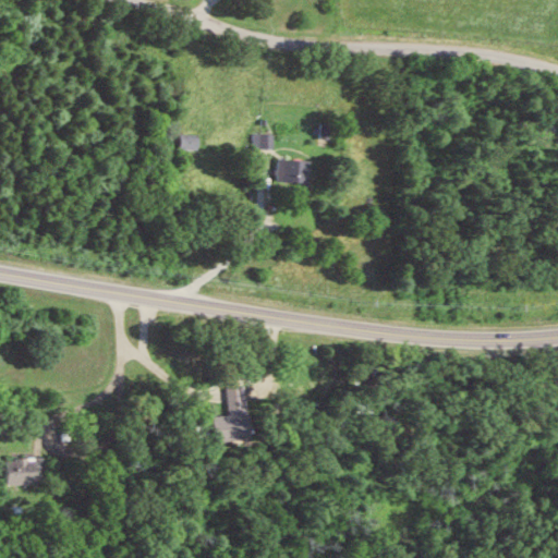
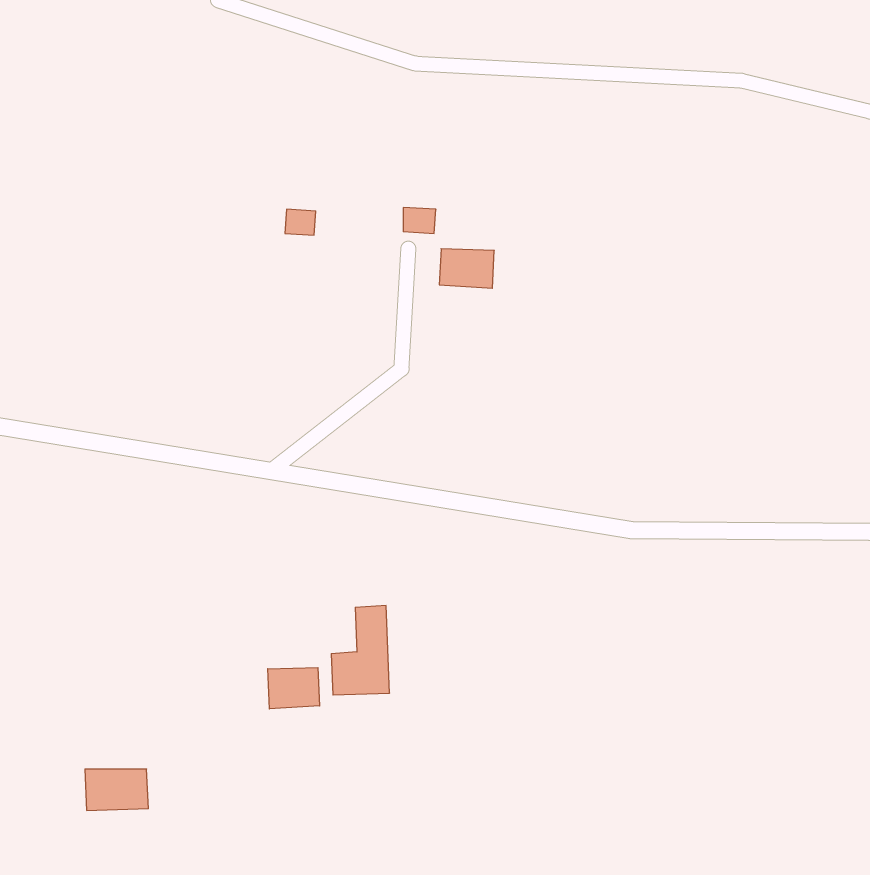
building: none -> [268,668,320,709]
building: [4,459,45,485] -> [85,769,148,810]

